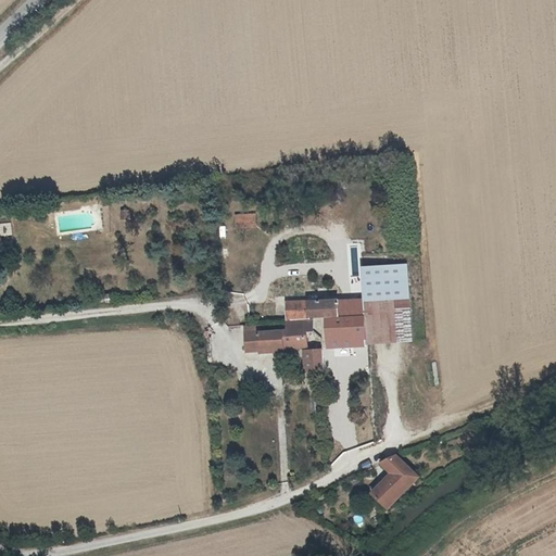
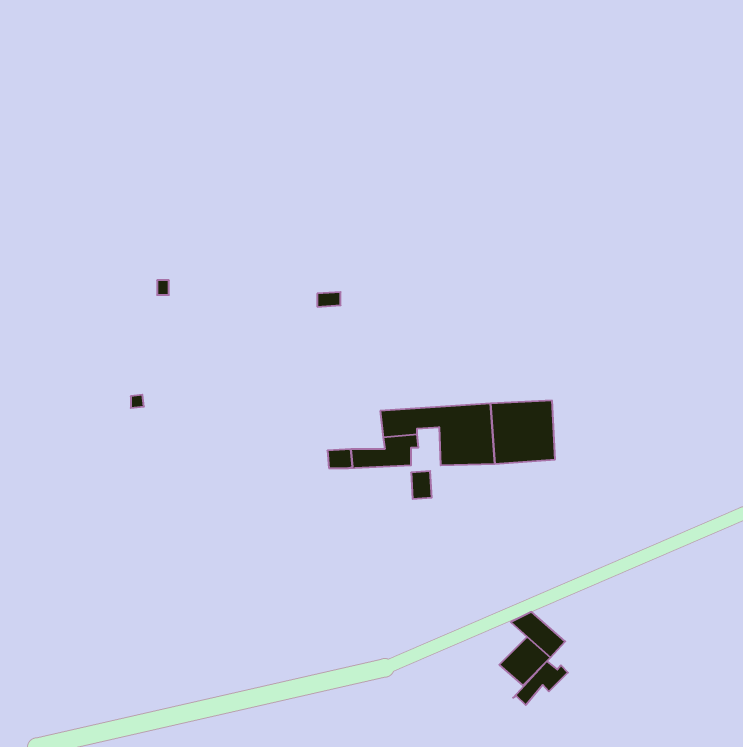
building: [361,265,408,299] -> none
building: none -> [513,661,568,705]

